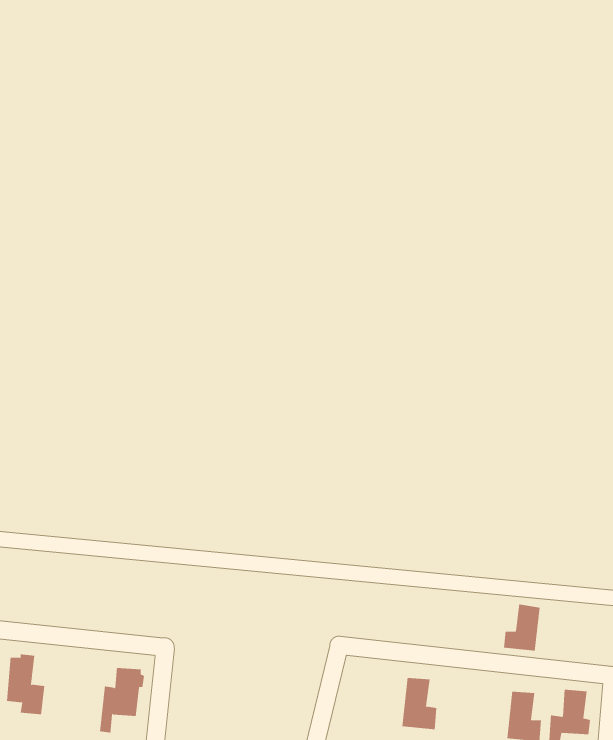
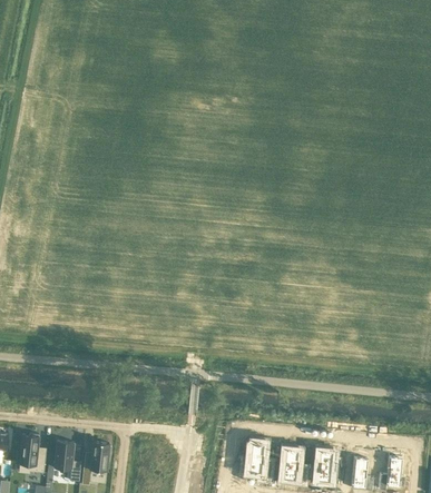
building: [503,604,540,651] -> [308,450,333,481]
building: none -> [52,441,80,482]
building: none -> [242,443,268,479]

